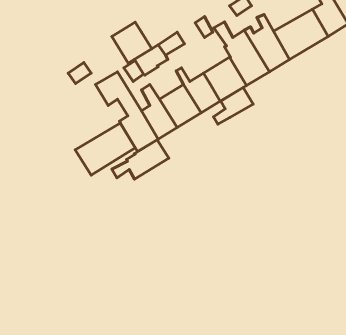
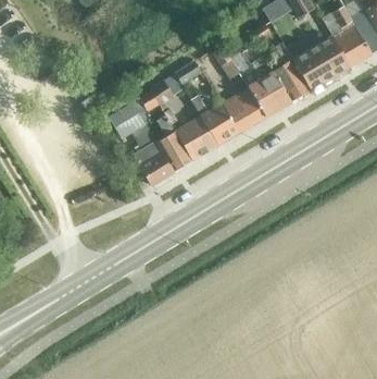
building: [112,22,152,63] -> none
building: [213,87,253,124] -> none
building: [75,123,135,175] -> none
building: [112,140,169,179] -> none

